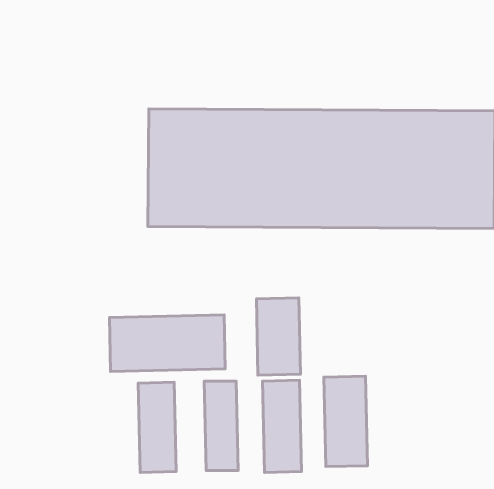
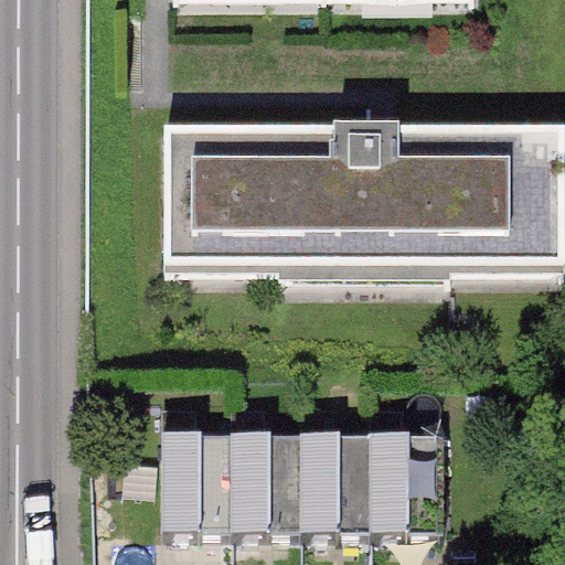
building: [256,298,300,375] -> none
building: [109,315,225,371] -> none

